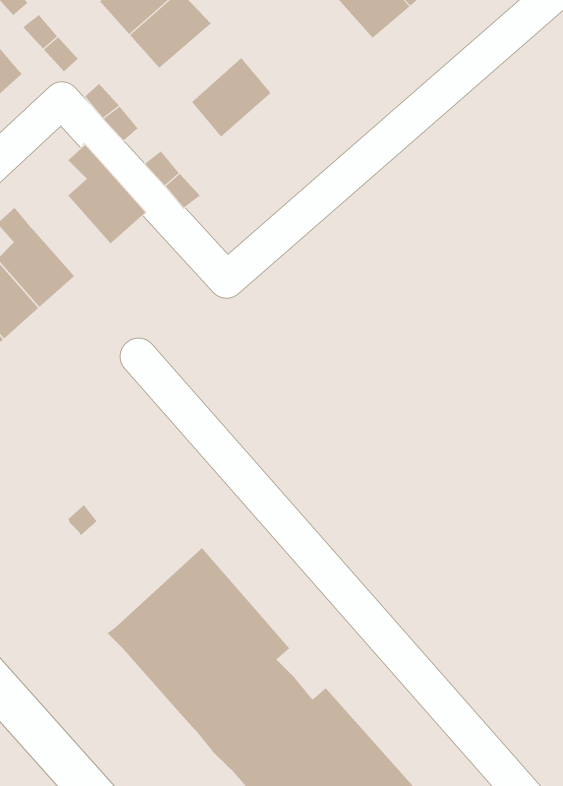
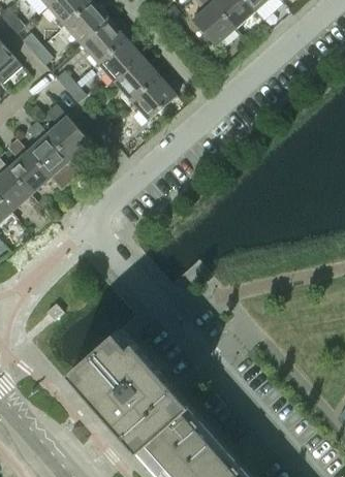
building: none -> [96,38,142,82]
building: none -> [130,76,176,121]
building: none -> [26,122,69,178]

